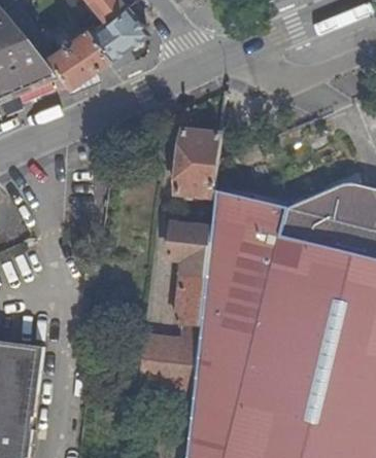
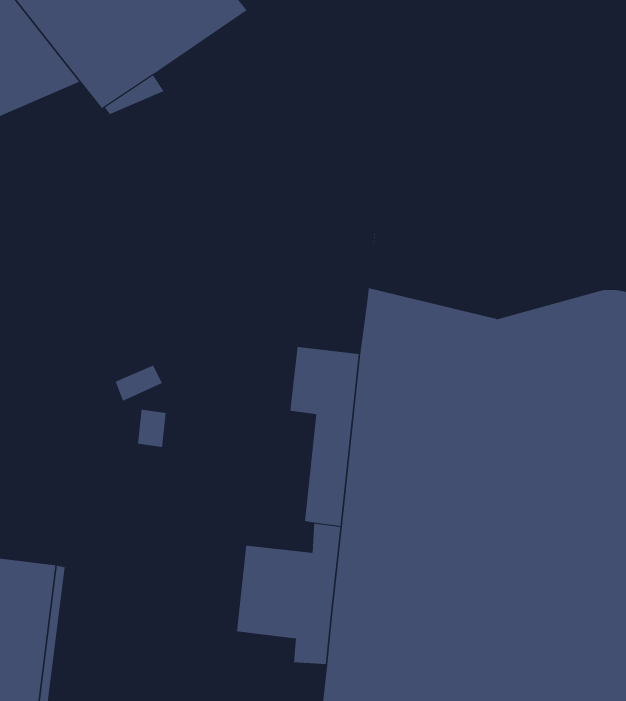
building: [178,131,223,198] -> none

